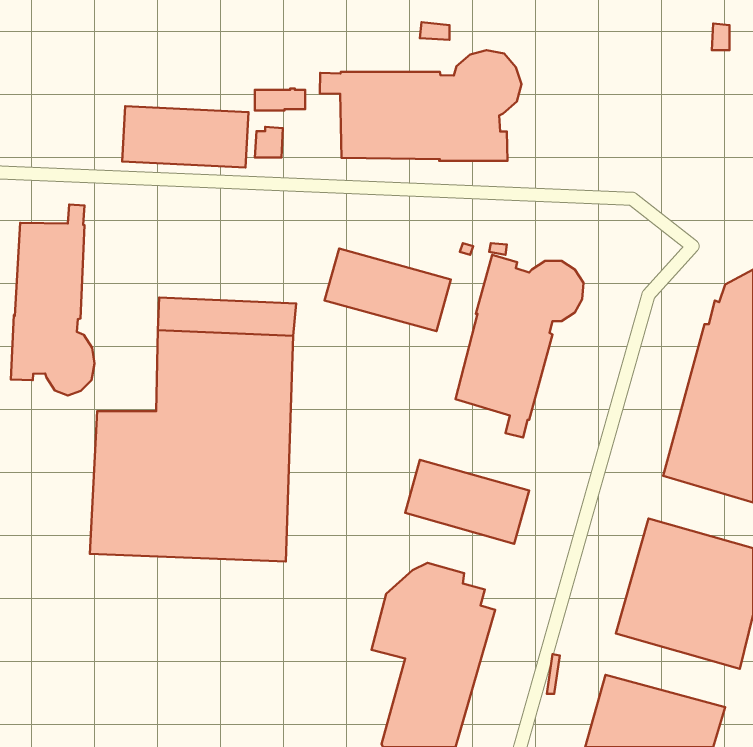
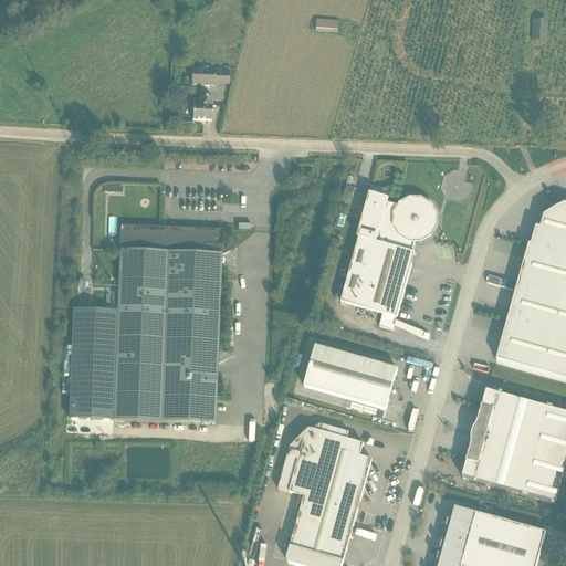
building: [320,50,521,161] -> none
building: [122,106,248,168] -> none
building: [11,204,95,396] -> none
building: [324,249,451,331] -> none

